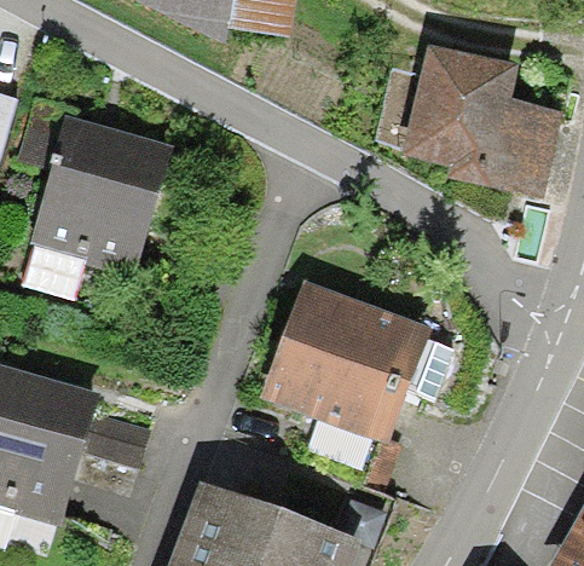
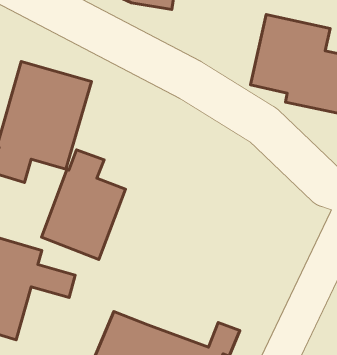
building: none -> [41,150,125,260]
building: [262,279,432,484] -> none

